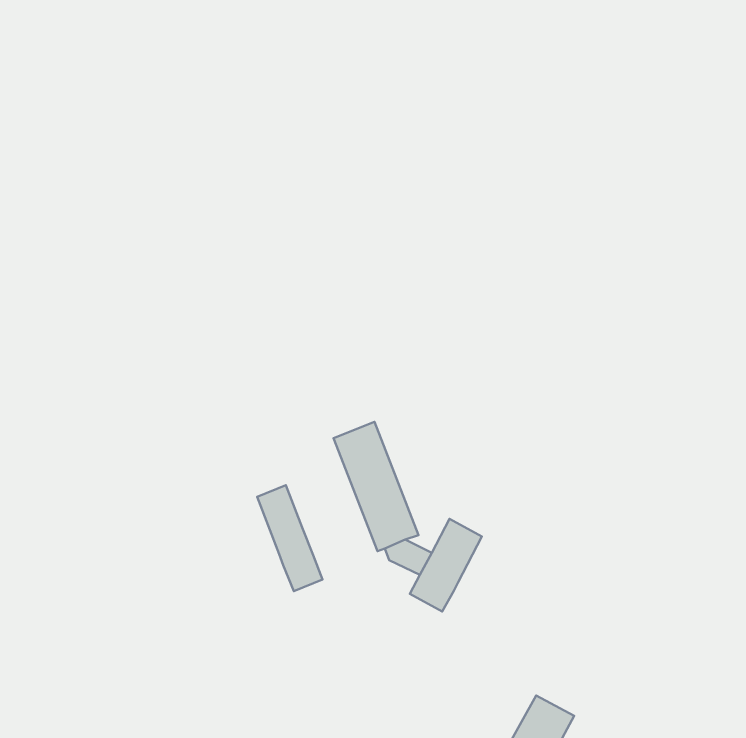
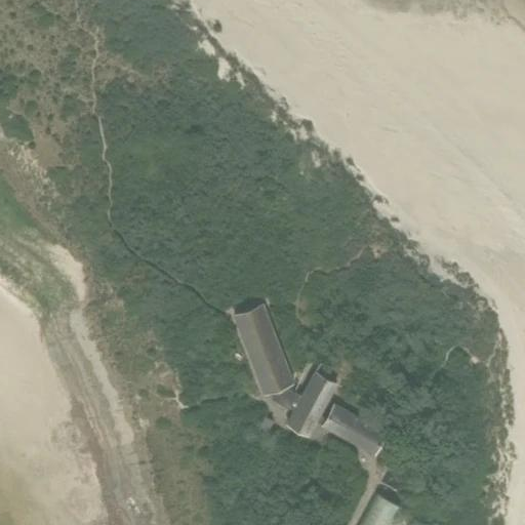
building: [257,485,323,591] -> none
building: none -> [317,404,387,454]

